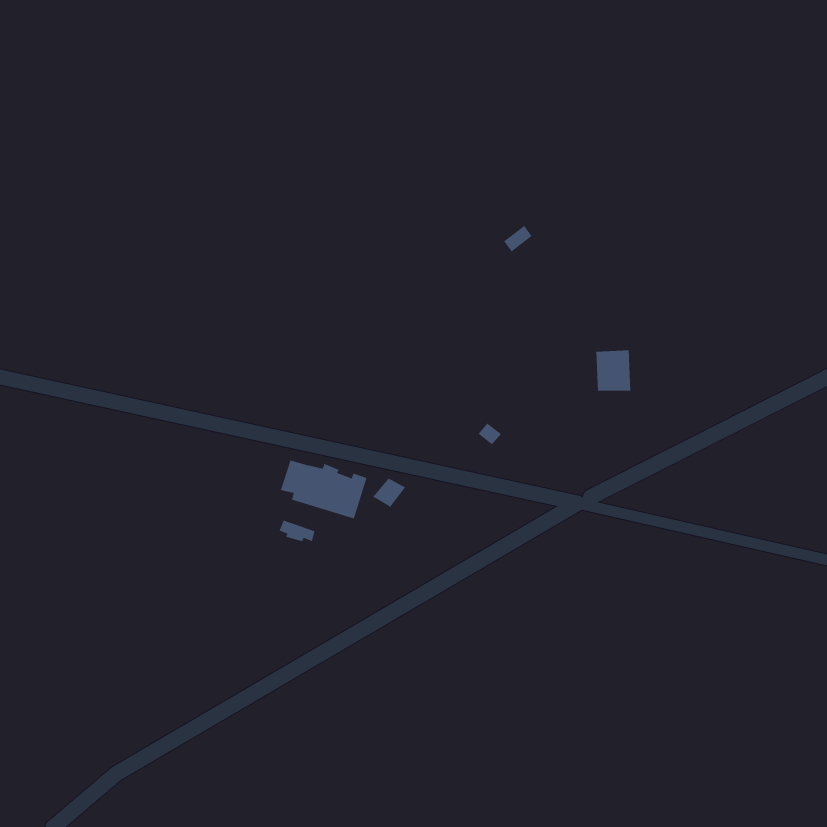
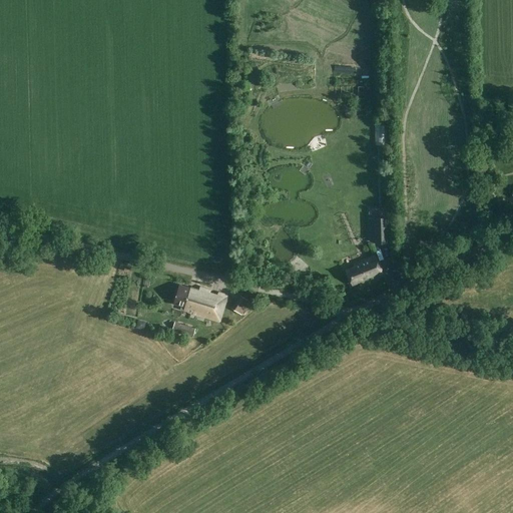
building: none -> [346,255,383,285]

